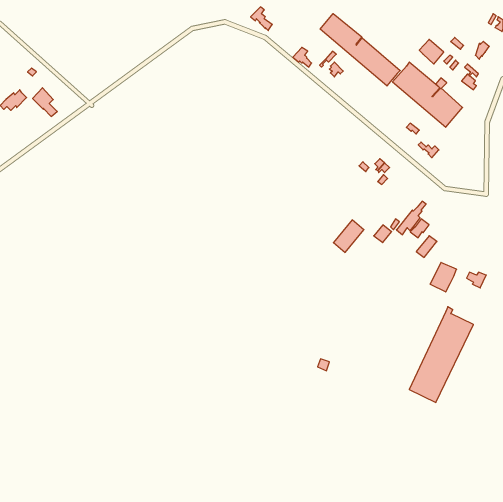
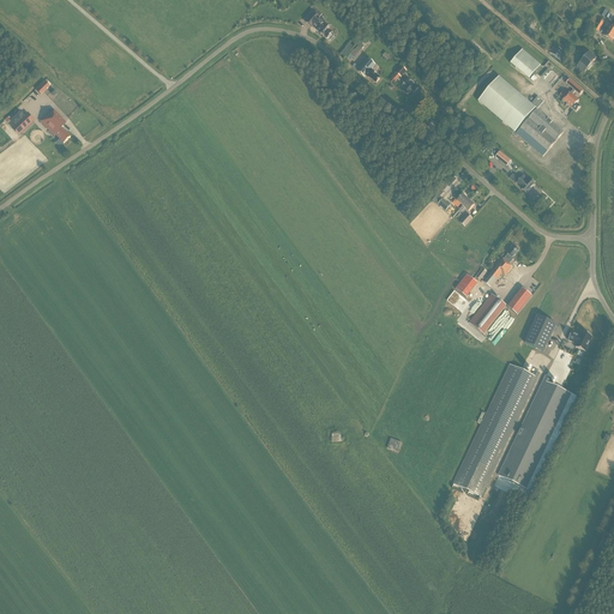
building: [320,14,400,86] -> none
building: [333,220,364,252] -> [468,293,505,332]
building: none -> [452,362,540,495]

